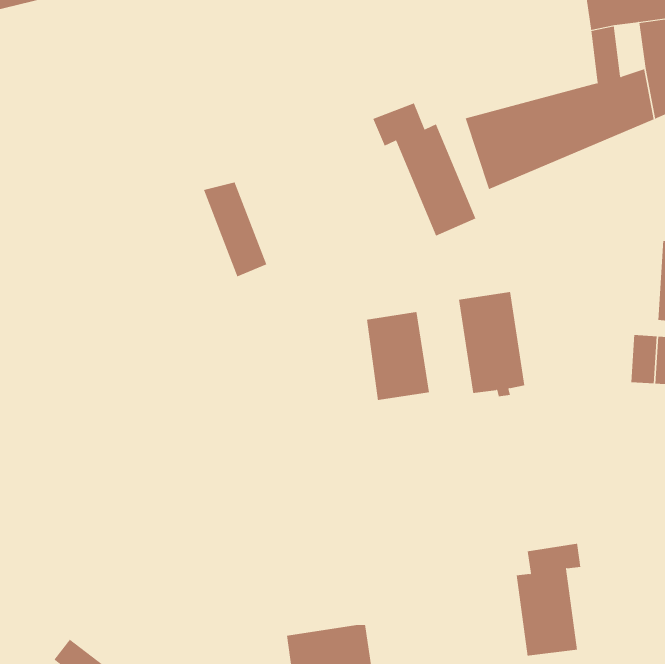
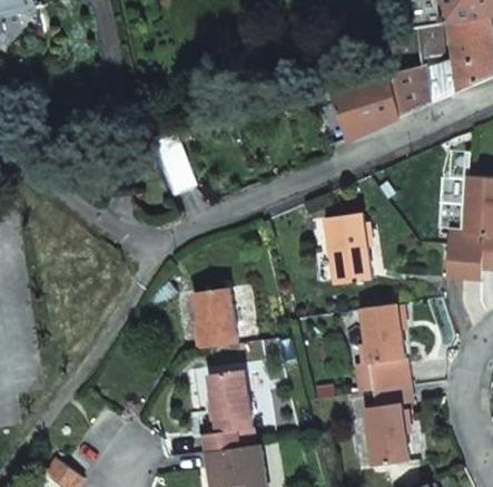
building: [373,102,476,237] -> none
building: [366,311,430,401] -> [194,283,238,345]
building: none -> [362,305,408,392]
building: none -> [201,369,255,451]

